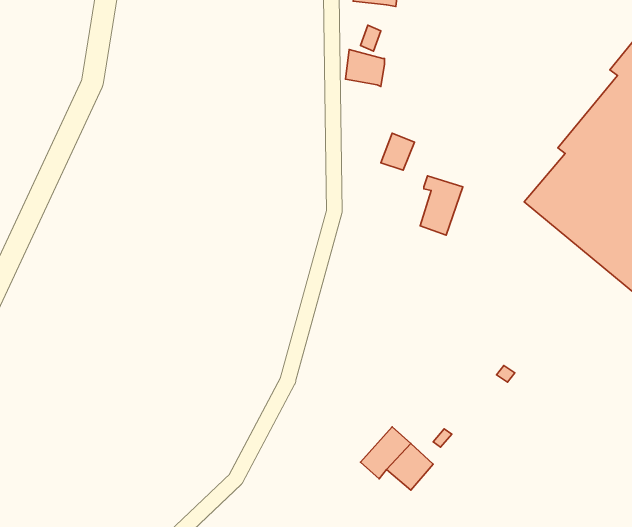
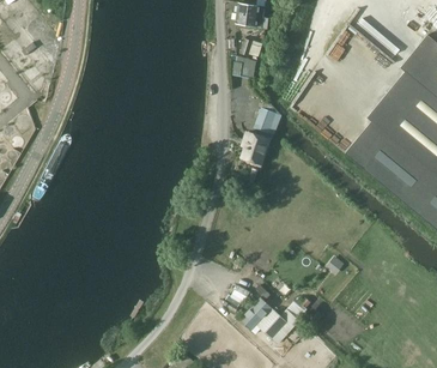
building: [420,176,463,235] -> [242,132,269,170]

